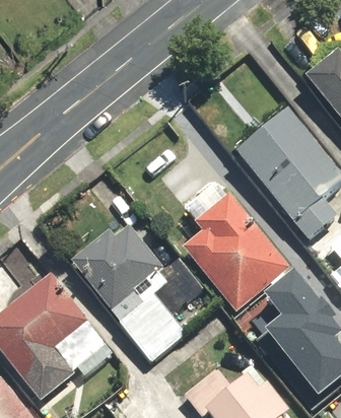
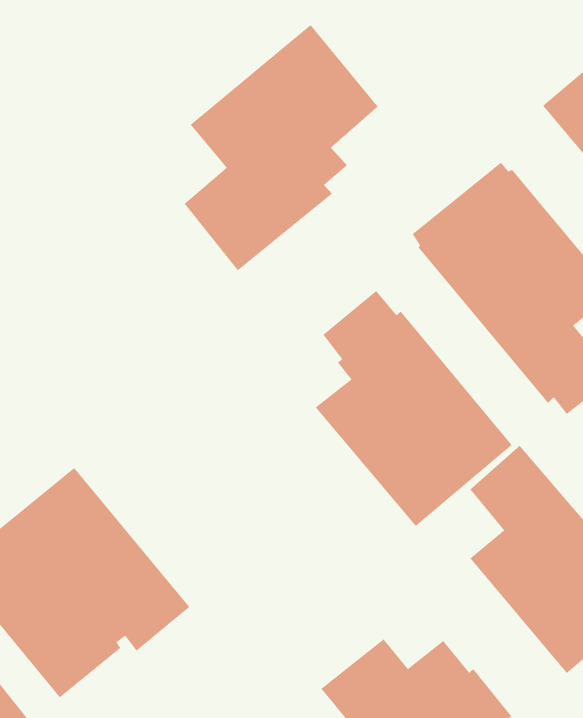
building: none -> [184,24,378,271]
building: [71,226,188,362] -> none

